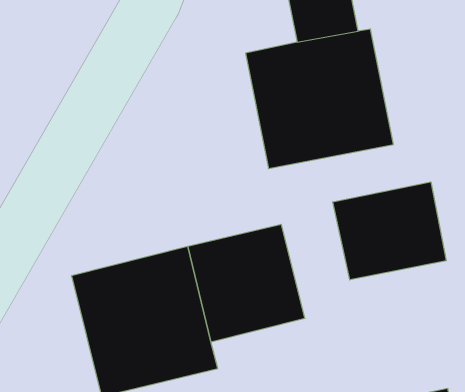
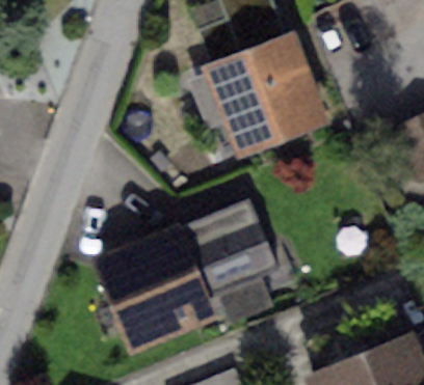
building: [333,182,446,280] -> none

